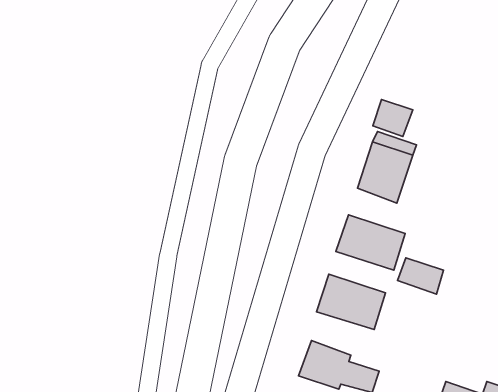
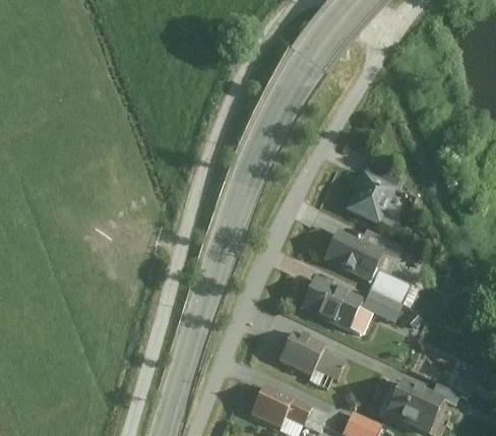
building: [373,100,413,137] -> none
building: none -> [362,289,401,321]

